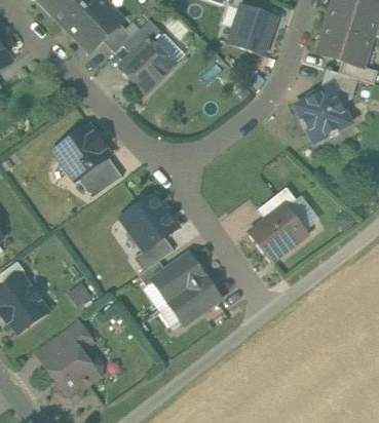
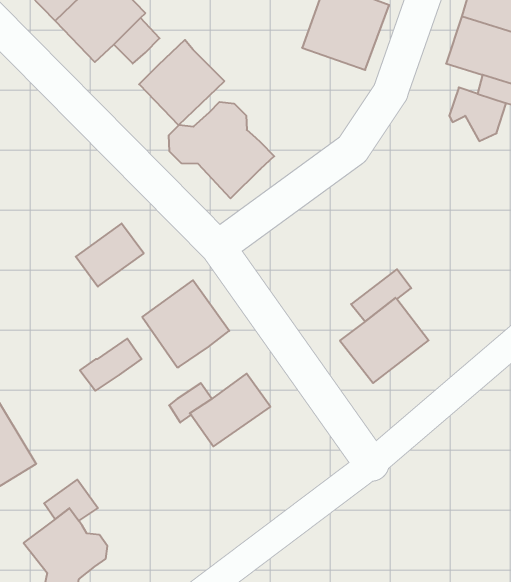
building: [122,20,162,53] -> none
building: none -> [169,102,274,198]
building: [295,86,349,141] -> none
building: [53,124,109,179] -> none
building: [132,236,173,270] -> [80,339,142,391]
building: [166,275,219,322] -> none

